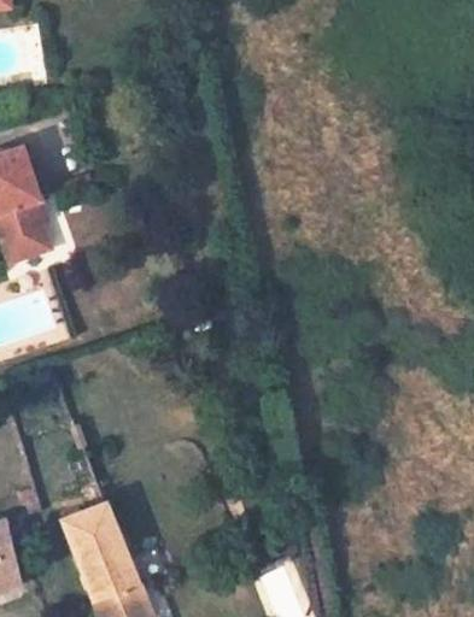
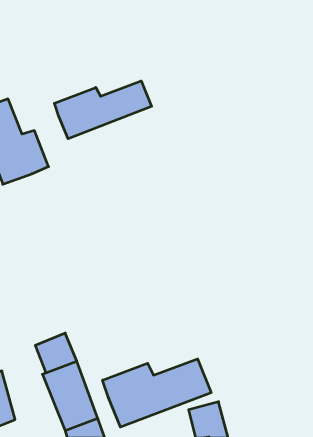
building: none -> [54,81,152,139]
building: none -> [103,359,211,427]

